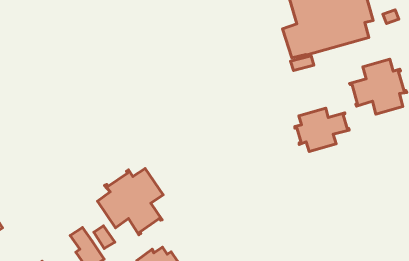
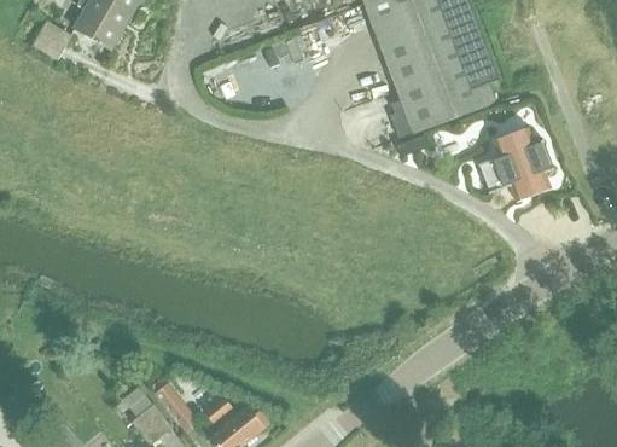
building: [295,108,349,151] -> none
building: [97,168,163,235] -> none

